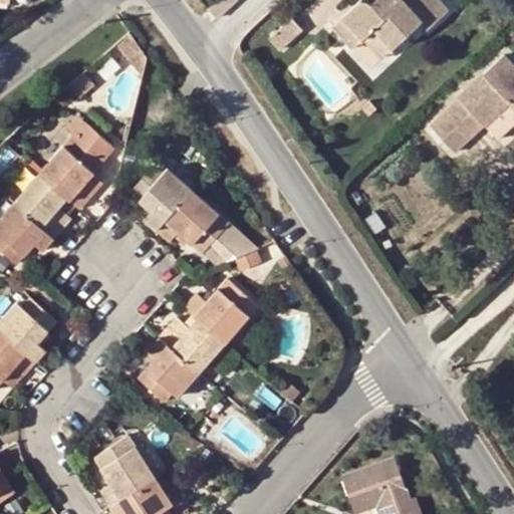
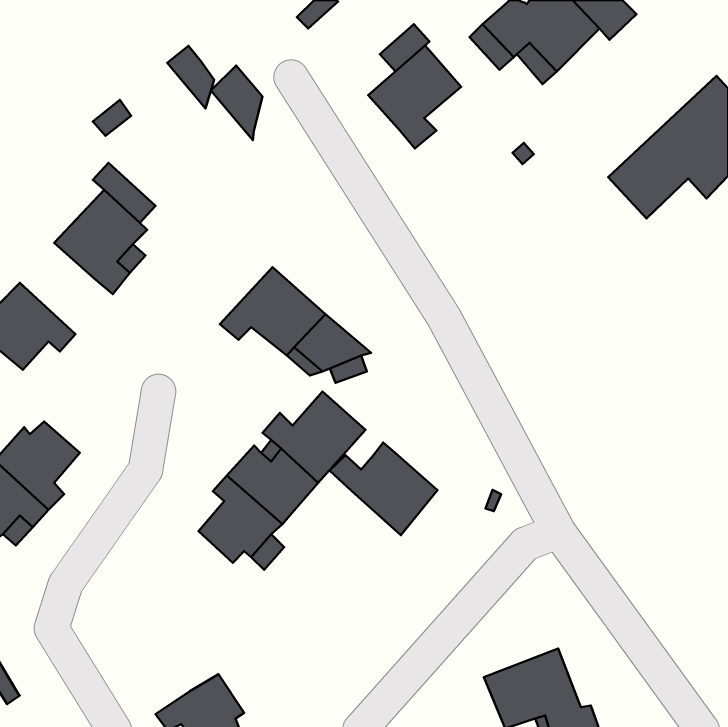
building: none -> [368,46,461,149]
building: none -> [211,65,262,140]
building: [130,167,192,230] -> none
building: [14,173,70,237] -> none
building: none -> [329,443,438,535]
building: [93,436,154,504] -> none

